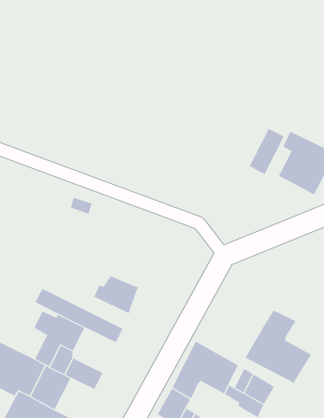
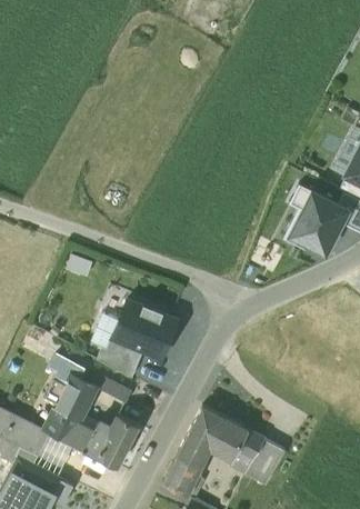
building: [249,128,285,175] -> none
building: none -> [114,301,179,353]
building: [245,310,312,383] -> none
building: none -> [99,416,139,467]

